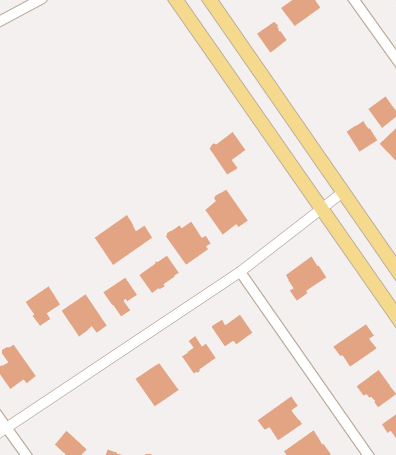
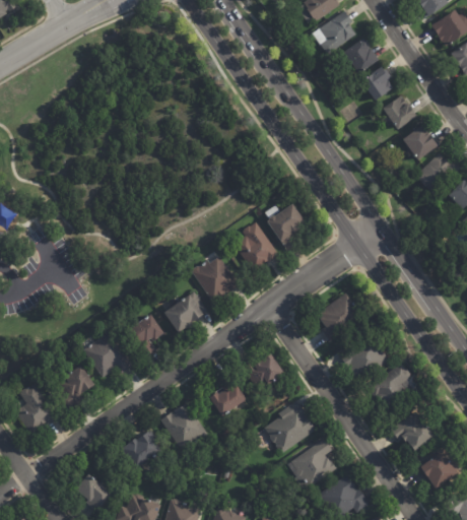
building: [256,21,288,54] -> [344,38,378,72]
building: none -> [363,63,395,98]
building: [345,120,378,153] -> [383,94,417,129]
building: [209,131,246,176] -> [267,202,307,249]
building: [93,214,154,266] -> none
building: [24,285,61,327] -> [55,365,93,408]
building: none -> [337,334,396,382]
building: none -> [264,400,316,454]
building: none -> [121,430,161,470]

